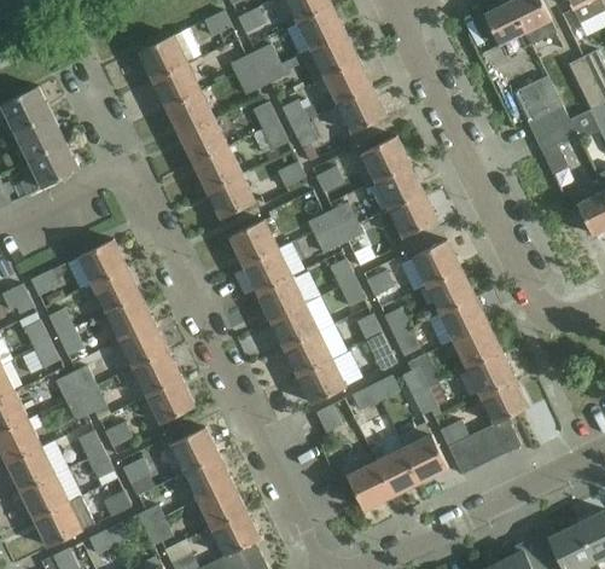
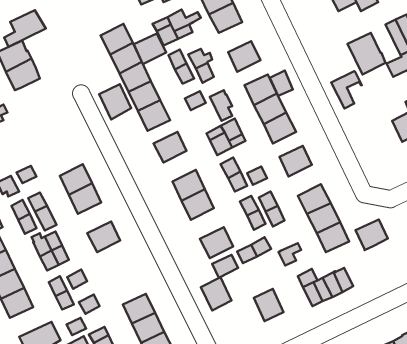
building: [139,35,186,80] -> [134,33,166,64]
building: [325,60,372,104] -> none
building: [534,120,578,174] -> [331,71,362,108]
building: none -> [270,71,293,96]
building: [19,143,80,196] -> [4,10,46,47]
building: none -> [99,84,131,119]
building: [78,239,127,284] -> none
building: [244,248,291,292] -> none
building: [426,268,473,313] -> none
building: [120,323,168,367] -> none
building: [284,331,332,376] -> none
building: [402,353,442,395] -> none
building: [147,378,194,423] -> none
building: [481,379,528,424] -> [355,219,388,250]
building: [170,426,219,471] -> none
building: [403,435,448,482] -> none
building: [347,461,391,510] -> [201,277,231,310]
building: [21,475,68,518] -> none

